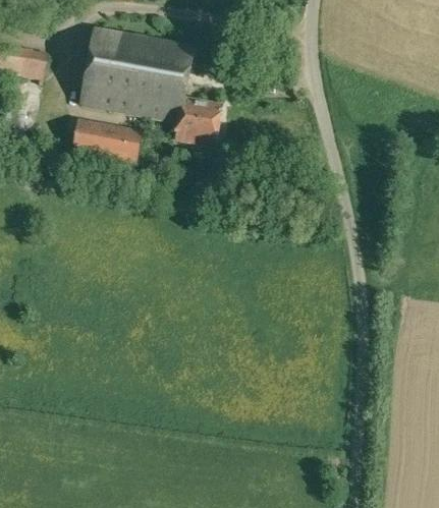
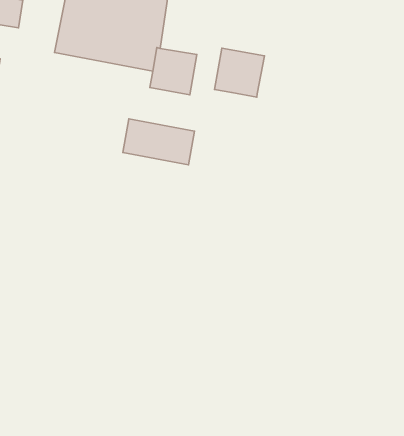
building: none -> [214,48,264,97]
building: [70,118,142,164] -> [123,119,194,165]

